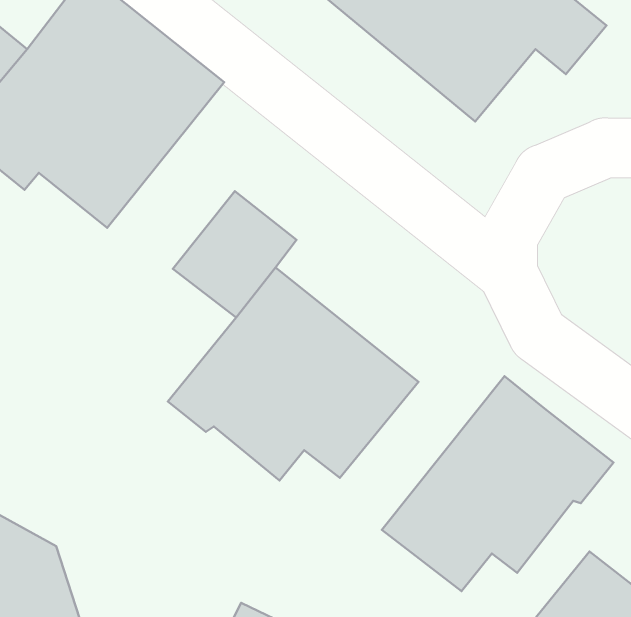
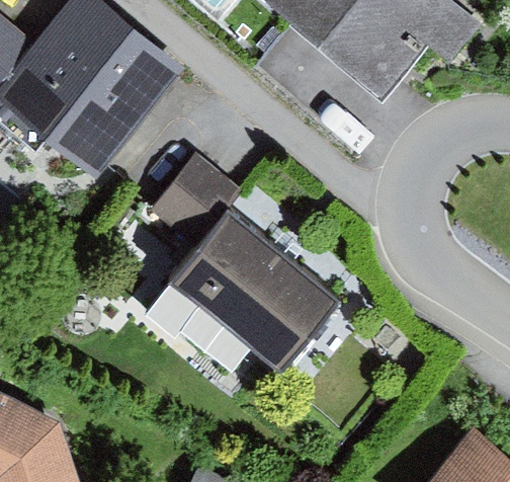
building: [382,376,614,591] -> none

